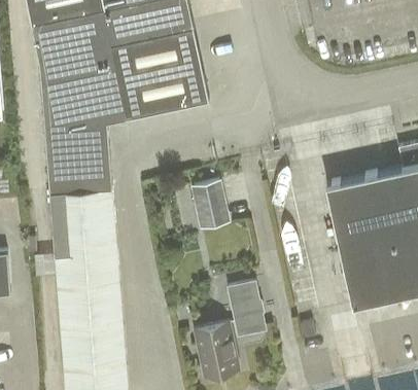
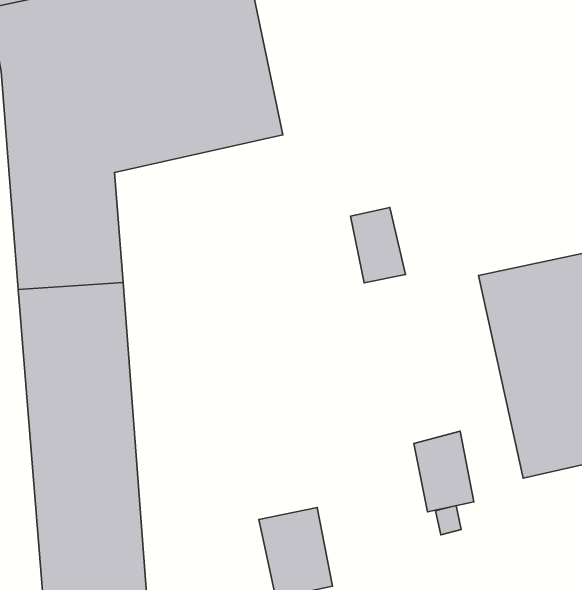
building: [195,184,228,229] -> [350,207,405,283]
building: [229,283,265,331] -> [414,431,474,512]

